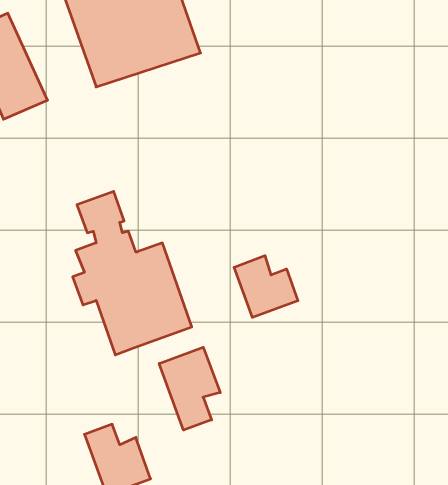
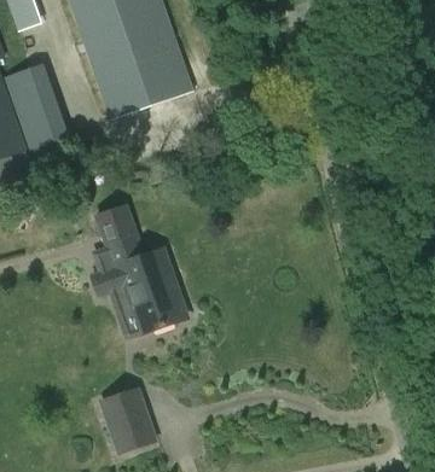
building: [234,256,298,317] -> none
building: [159,347,220,430] -> none

